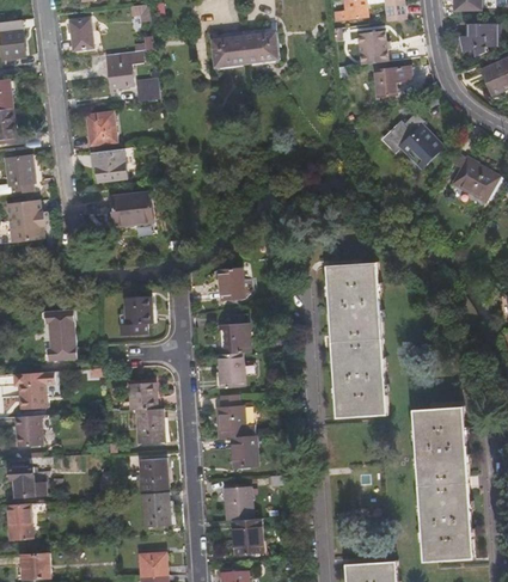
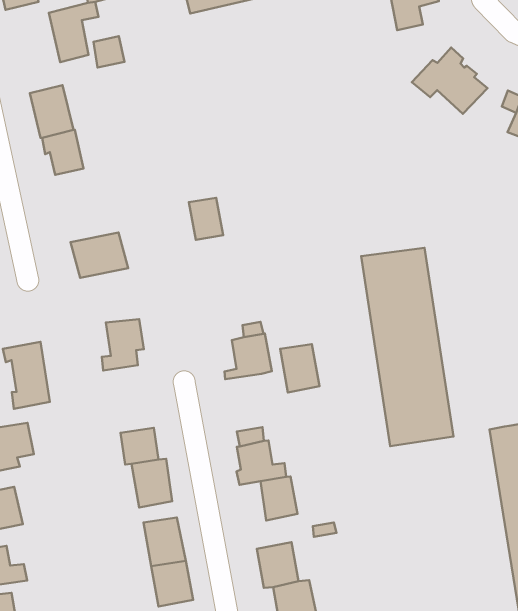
building: [109,191,152,223] -> [70,233,128,278]
building: [218,267,241,298] -> [189,198,223,240]
building: [216,353,244,388] -> [280,344,319,393]

